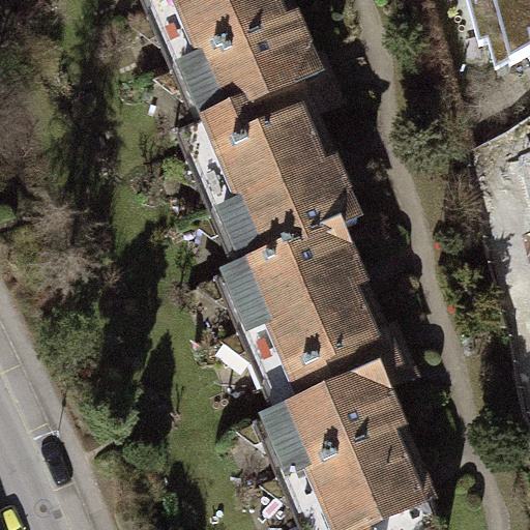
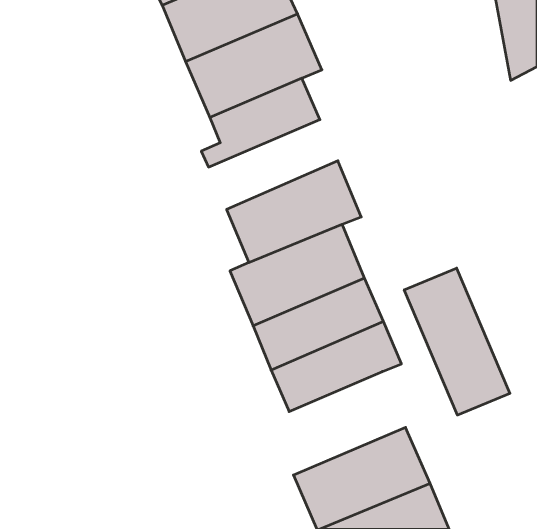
building: [204,117,330,205] -> none
building: none -> [404,268,510,415]
building: [264,363,396,465] -> none

